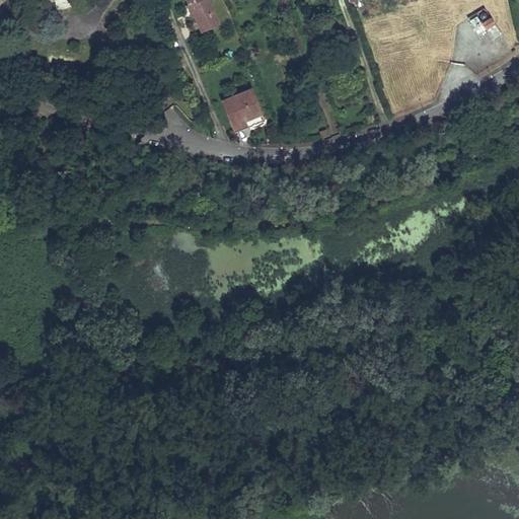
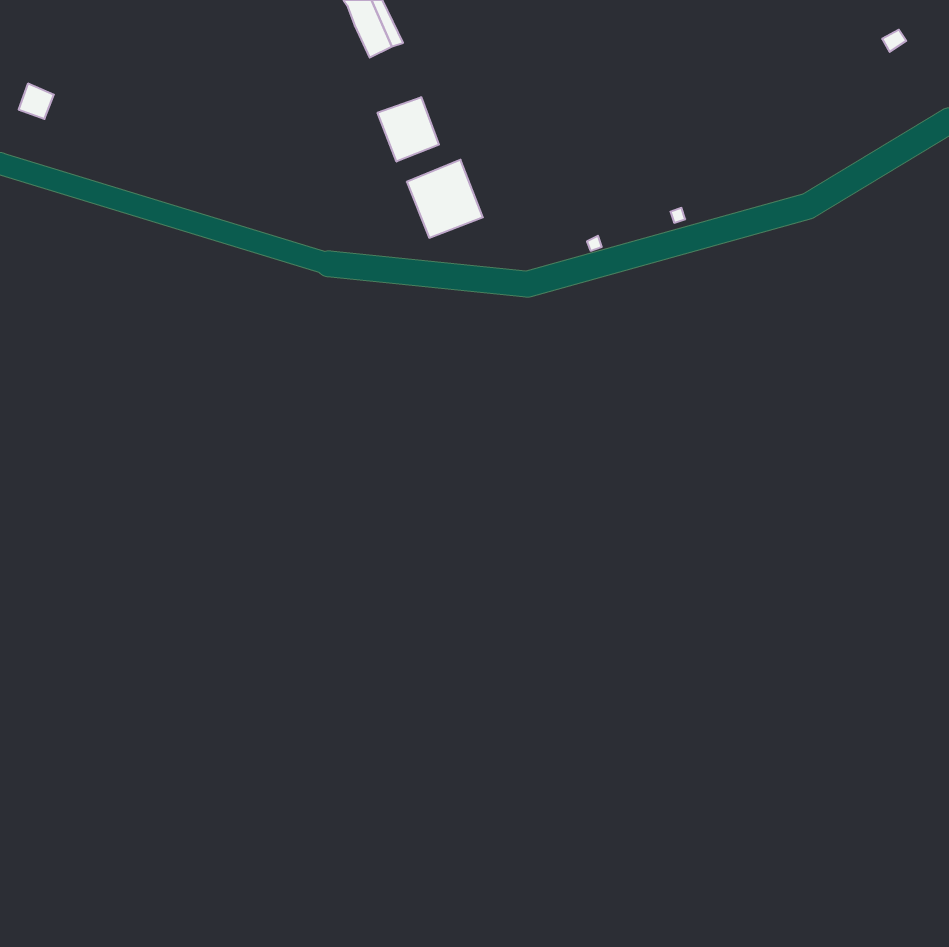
building: none -> [378,97,439,162]

